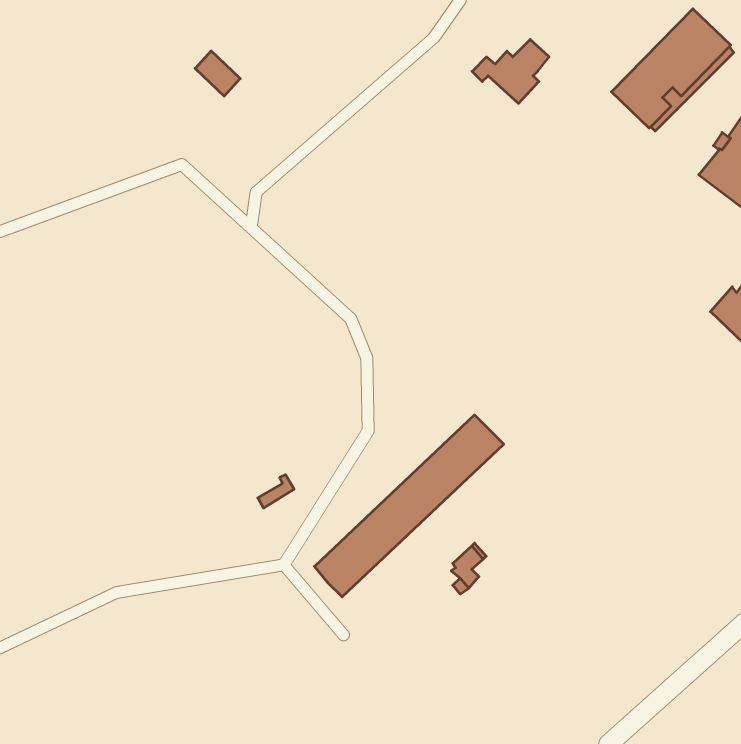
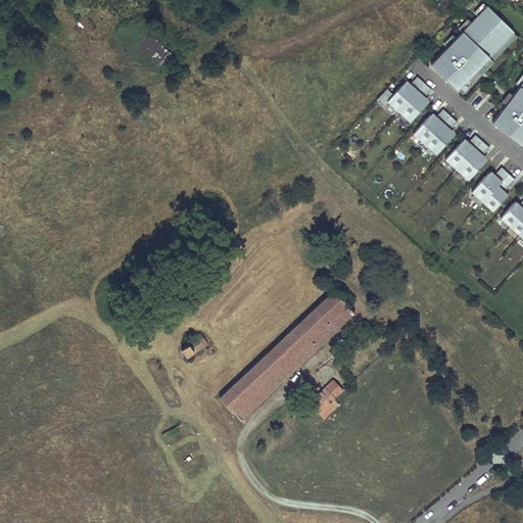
building: [472,39,549,103] -> [377,77,431,122]
building: none -> [413,109,458,154]
building: none -> [445,135,489,181]
building: none -> [471,168,515,211]

